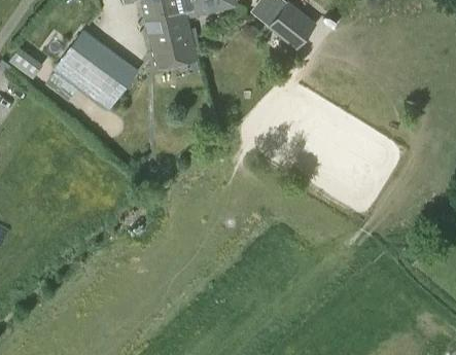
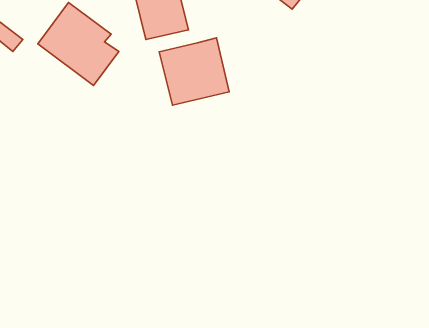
building: none -> [159,38,229,105]

